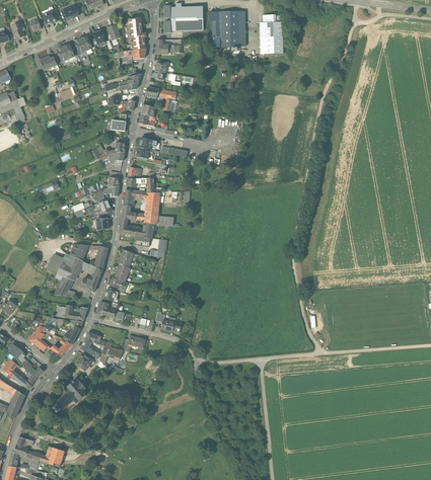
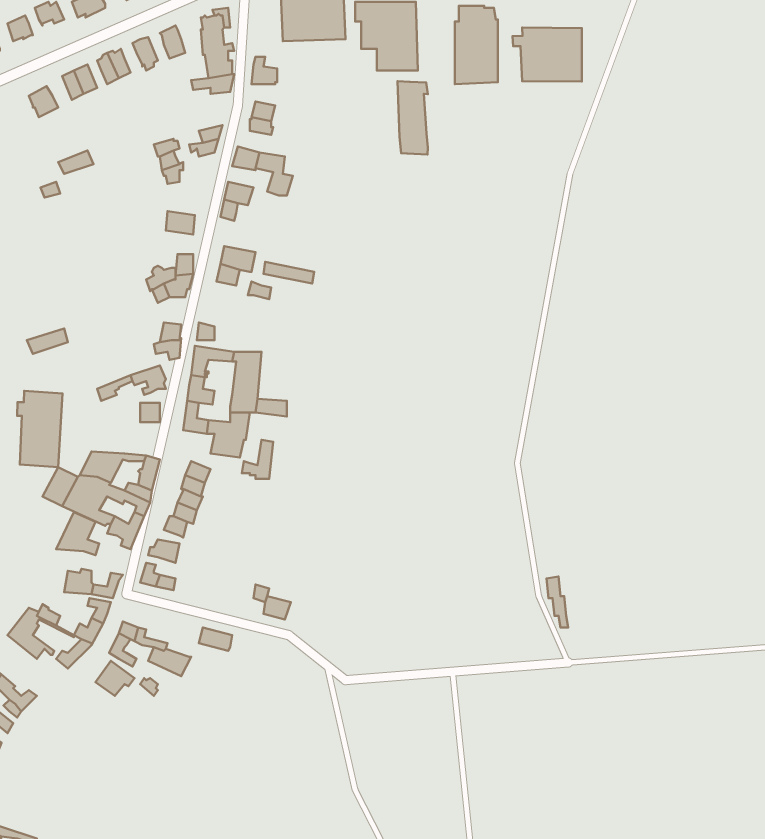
building: none -> [513,28,582,82]
building: none -> [398,81,428,154]
building: none -> [17,391,63,467]
building: [53,378,89,412] -> none

